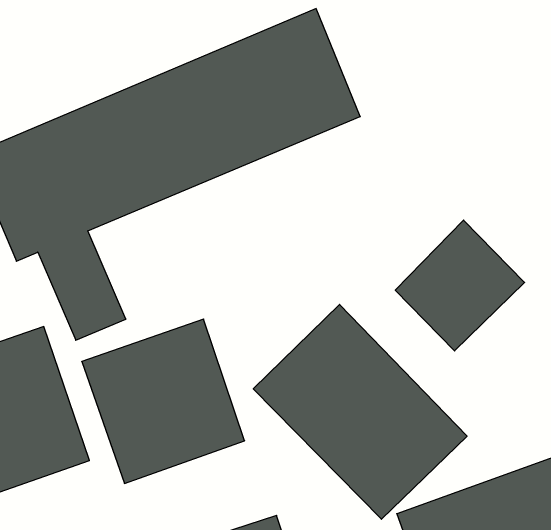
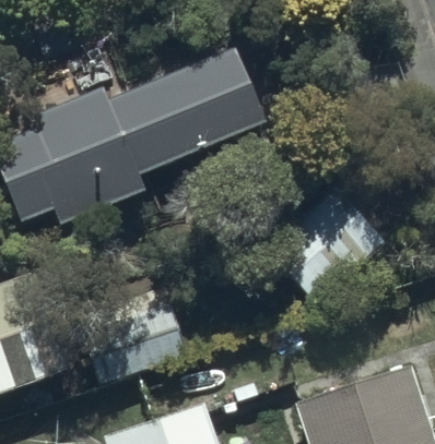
building: [253,304,467,519] -> none

